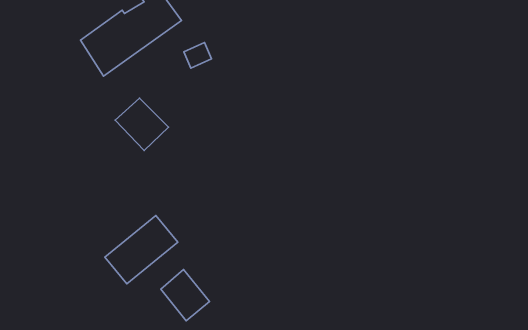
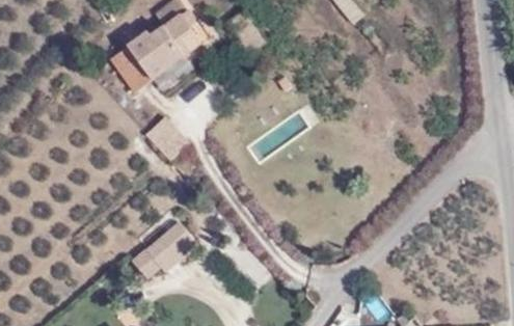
building: [161,270,210,321] -> none

